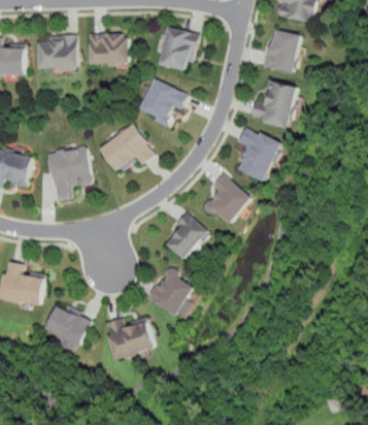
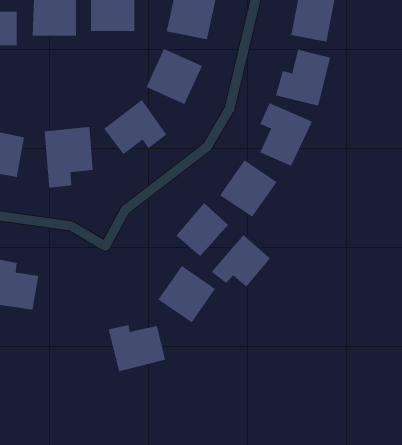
building: none -> [211,234,271,287]
building: [43,301,92,347] -> none

